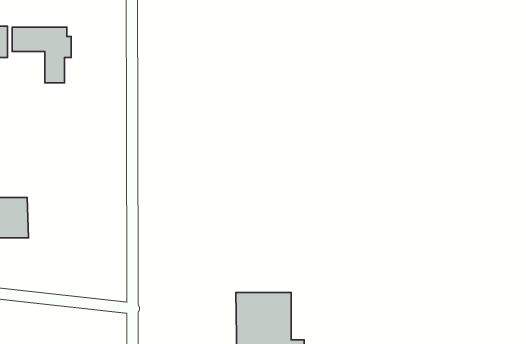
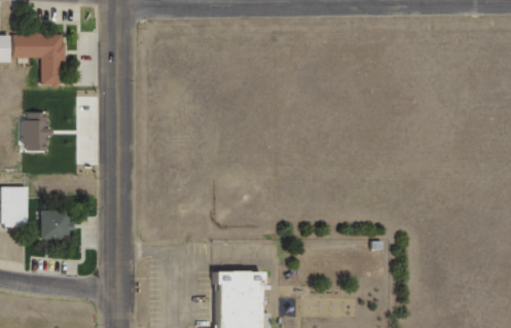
building: none -> [24,108,45,145]
building: none -> [42,211,76,241]

